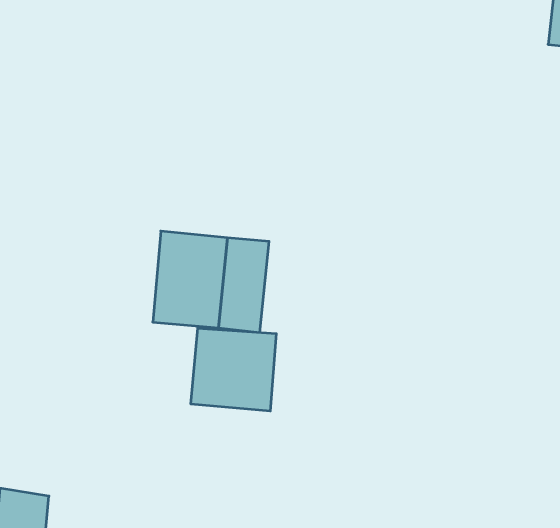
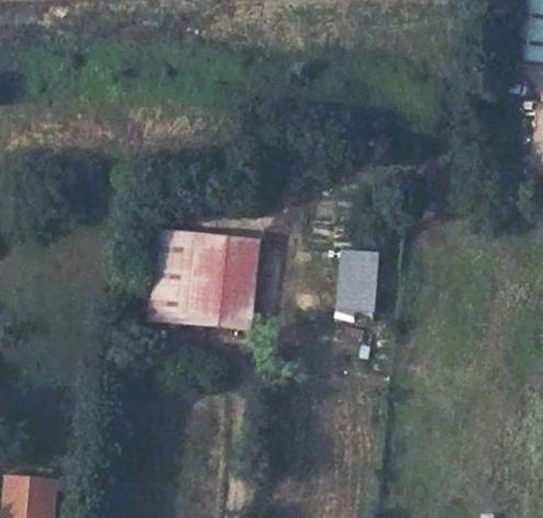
building: none -> [340,243,380,315]
building: [191,328,276,411] -> none

